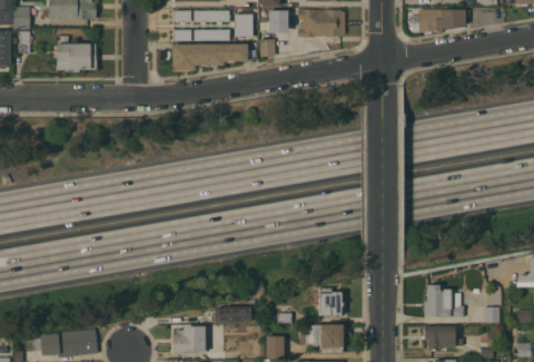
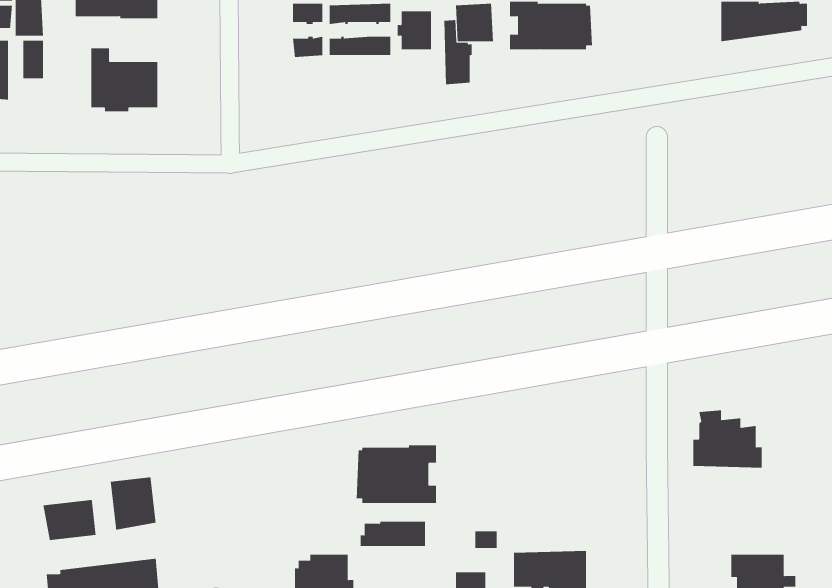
building: [171,43,247,70] -> none
building: none -> [356,445,436,504]
building: none -> [110,477,156,530]
building: [423,284,463,317] -> [693,410,762,468]
building: [318,292,343,315] -> none
building: none -> [43,499,96,541]

